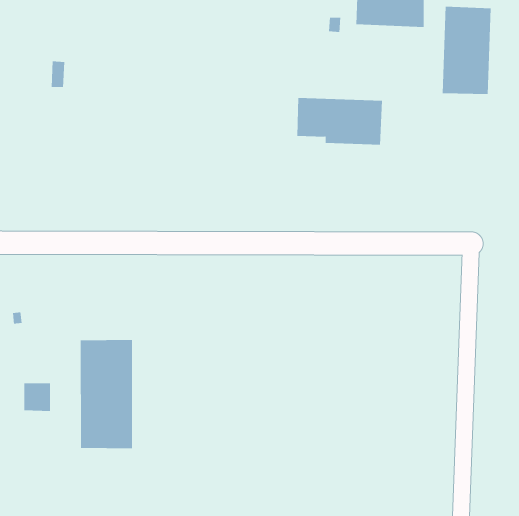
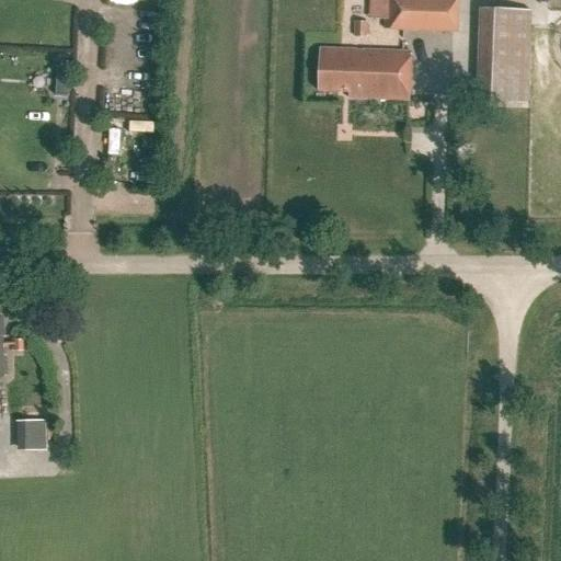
building: [297,97,383,145] -> [318,47,411,99]
building: [80,339,132,449] -> none

